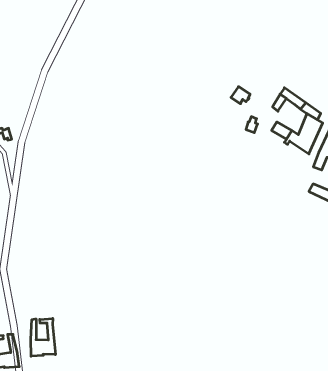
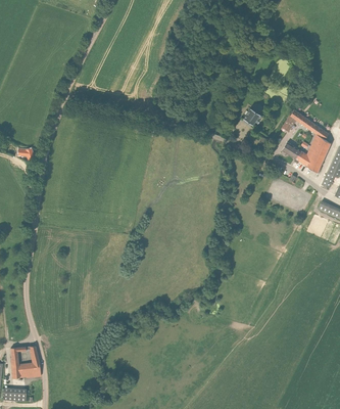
building: [31,318,55,356] -> none

